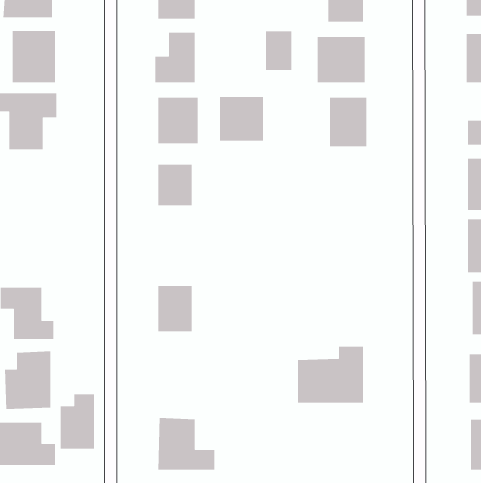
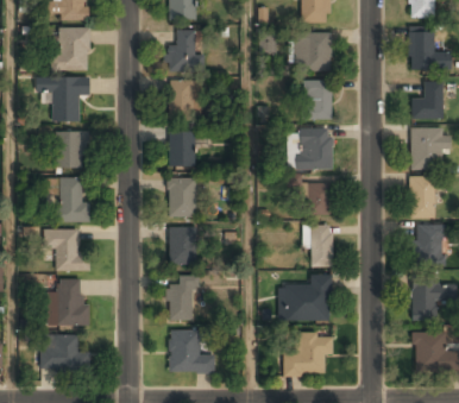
building: [265,30,292,71] -> none
building: [219,96,264,141] -> none
building: none -> [297,130,333,169]
building: none -> [56,132,88,166]
building: none -> [58,177,87,221]
building: none -> [169,178,196,218]
building: none -> [303,182,332,215]
building: none -> [307,225,333,266]
building: [60,393,95,450] -> [168,277,195,321]
building: none -> [283,334,333,376]

